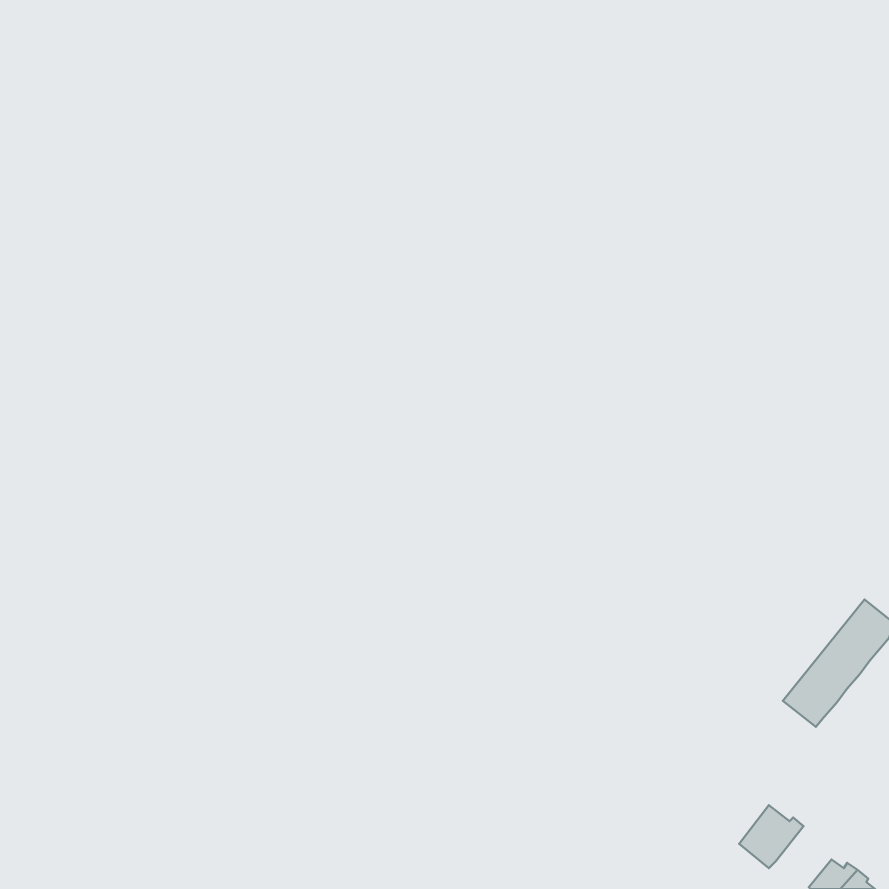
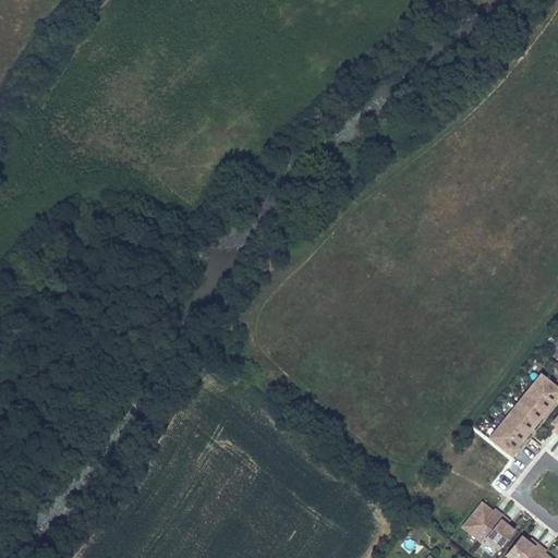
building: none -> [486,517,514,549]

